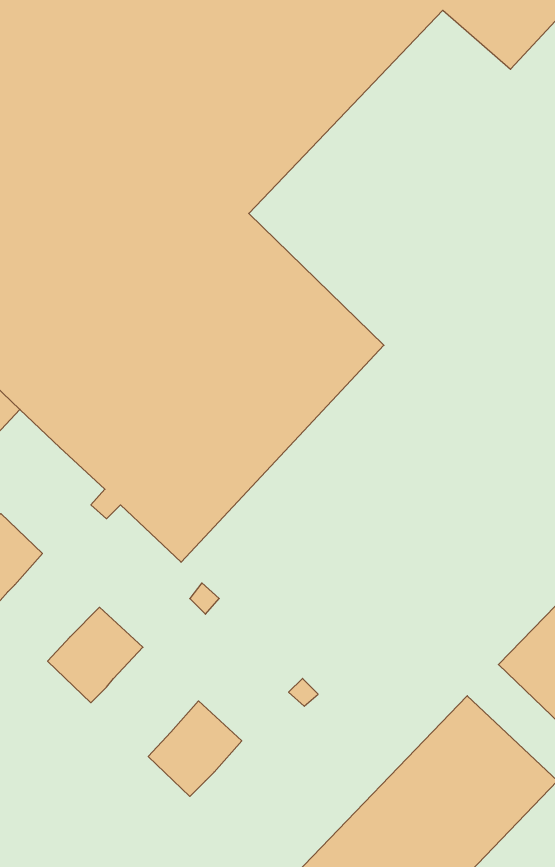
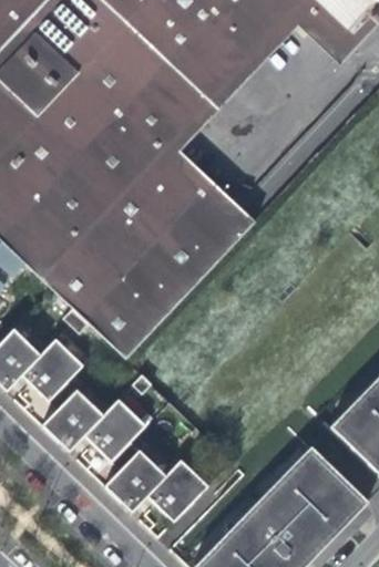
building: none -> [22,338,84,401]
building: none -> [85,398,147,461]
building: none -> [150,458,211,519]

